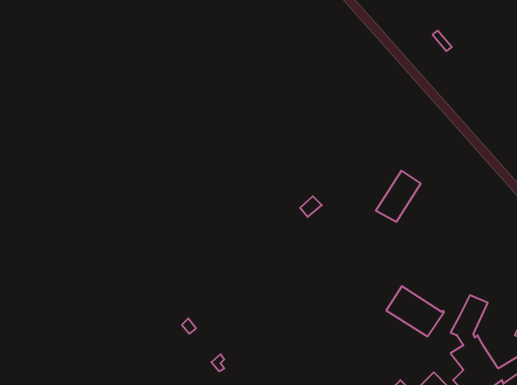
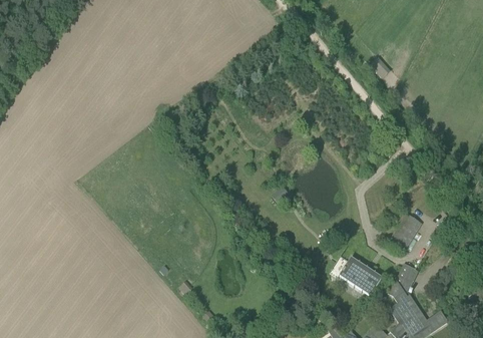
building: [376,171,421,222] -> [387,213,422,253]

